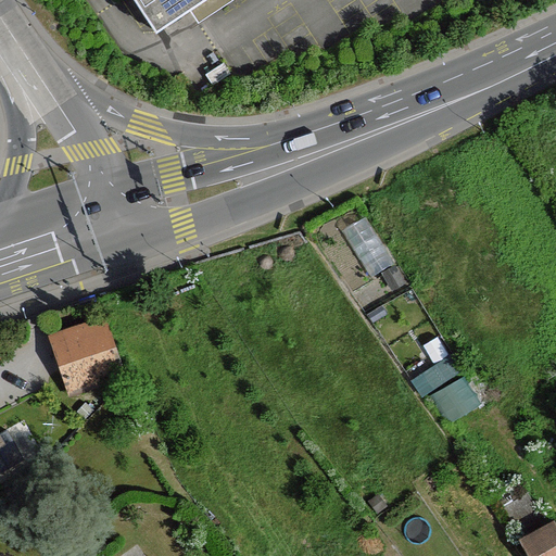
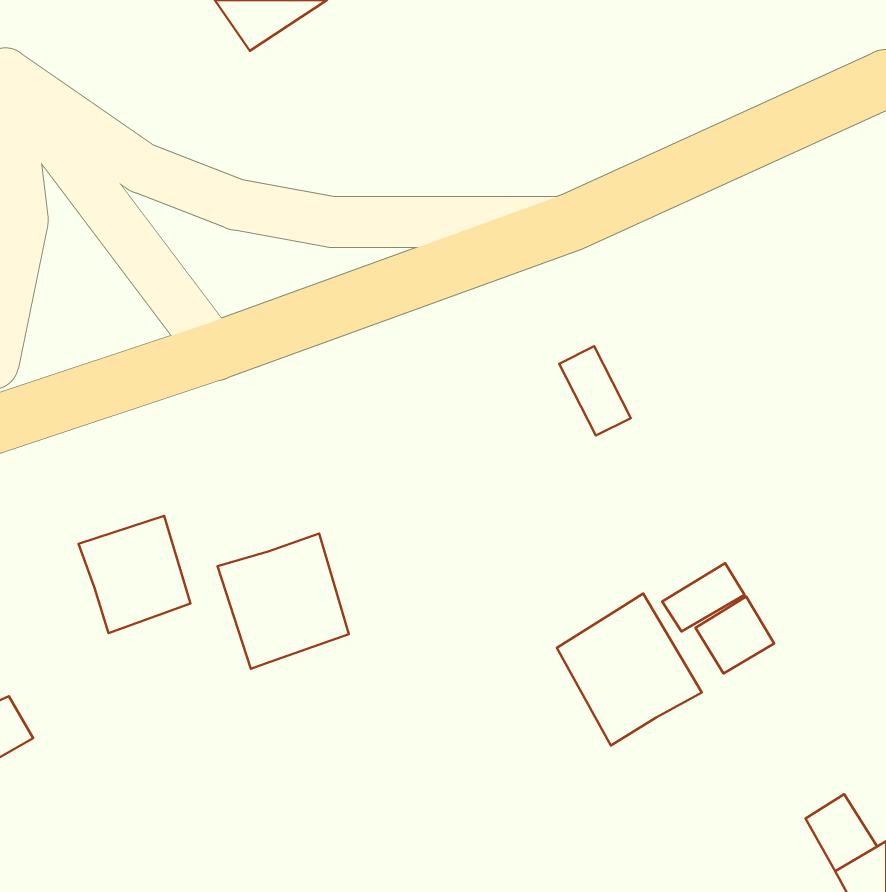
building: none -> [218,534,349,669]
building: none -> [557,593,702,745]

